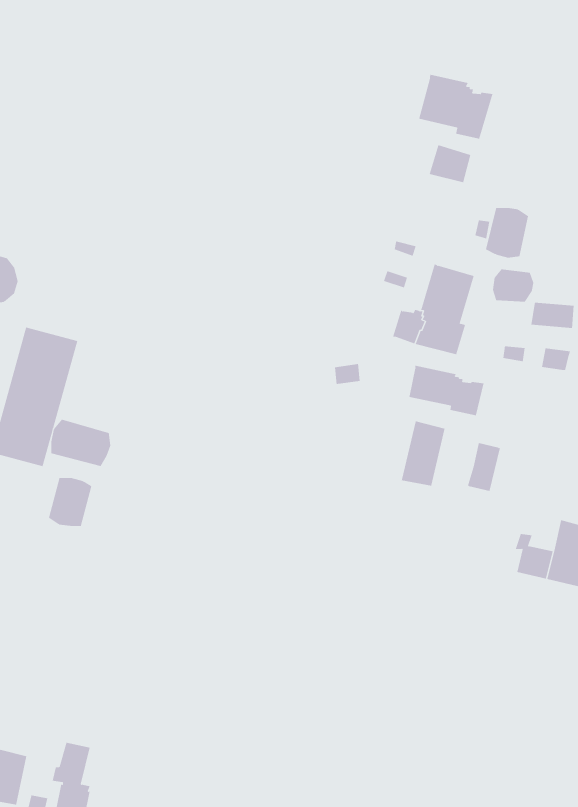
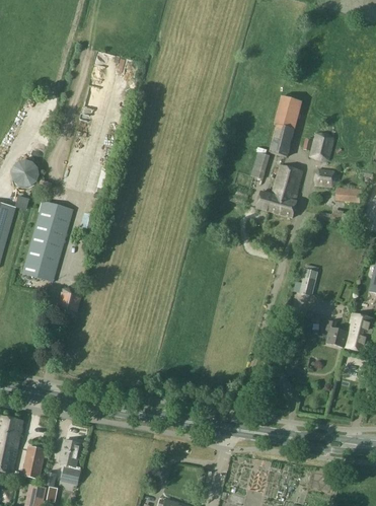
building: [418,74,493,140] -> none
building: none -> [269,124,294,156]
building: [409,365,484,416] -> none
building: [51,419,111,467] -> none
building: [401,421,445,487] -> none

